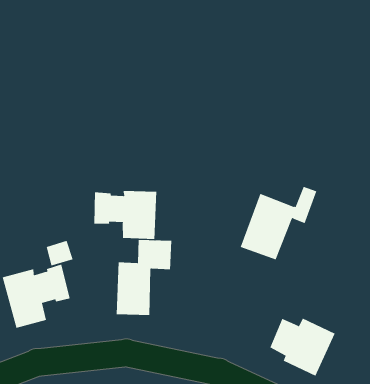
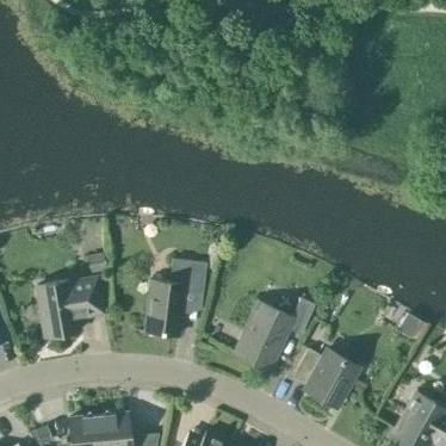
building: [240,186,317,260] -> [235,298,315,368]
building: [94,190,157,240] -> none

